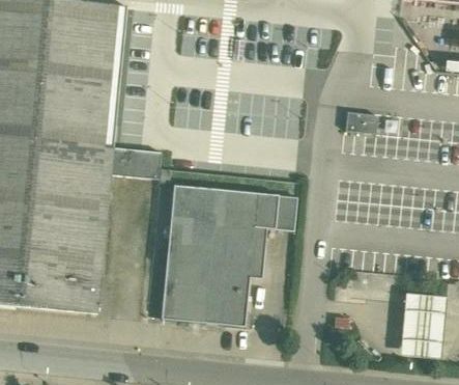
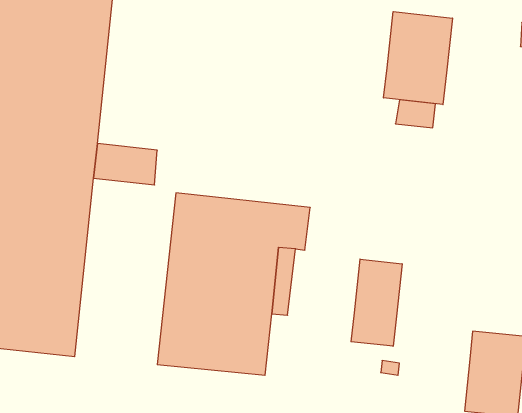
building: none -> [384,12,452,105]
building: [276,195,298,230] -> none
building: none -> [351,259,402,346]

